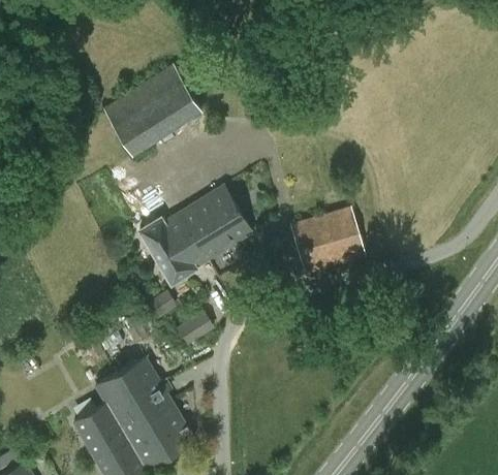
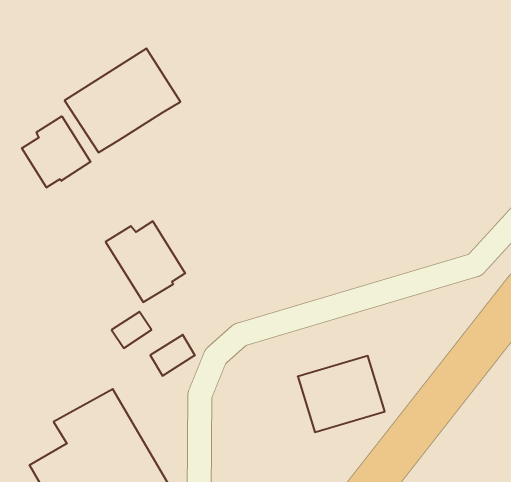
building: none -> [22,116,91,188]
building: [180,187,252,258] -> none
building: [290,208,365,273] -> [298,356,385,432]

